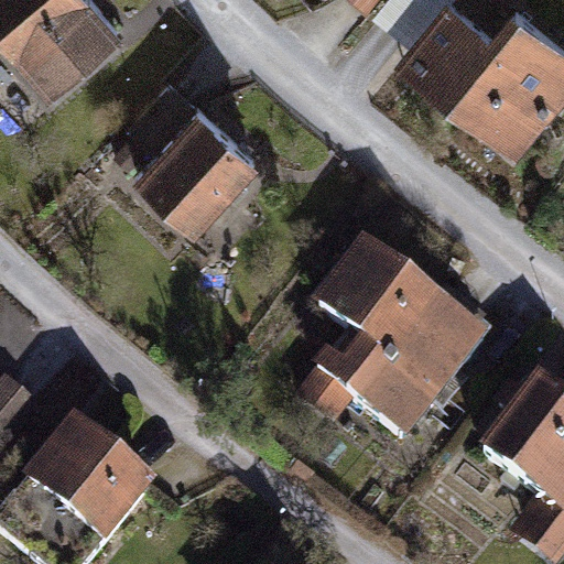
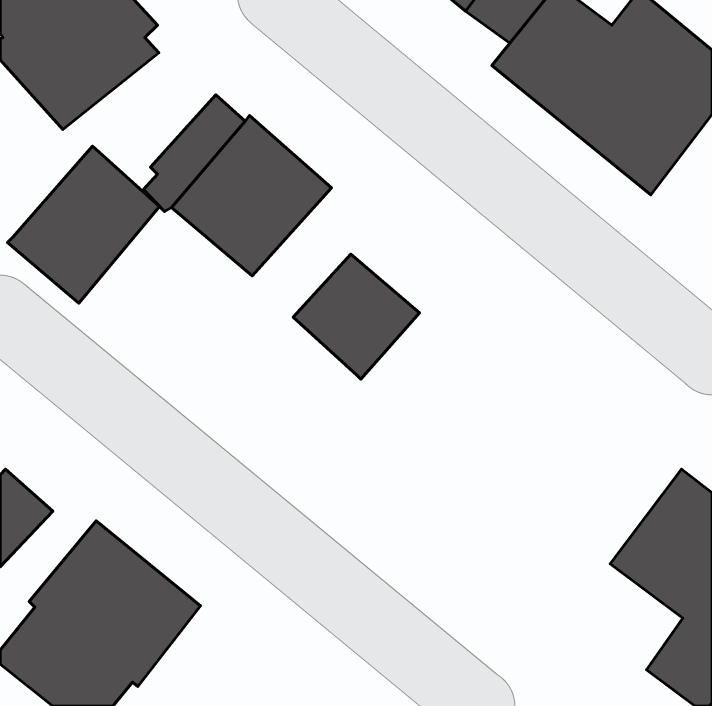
building: none -> [8,146,160,303]
building: none -> [293,254,419,379]
building: [297,234,488,438] -> none

